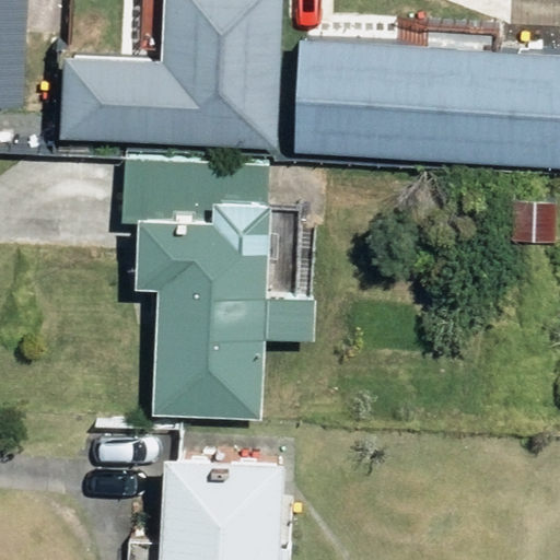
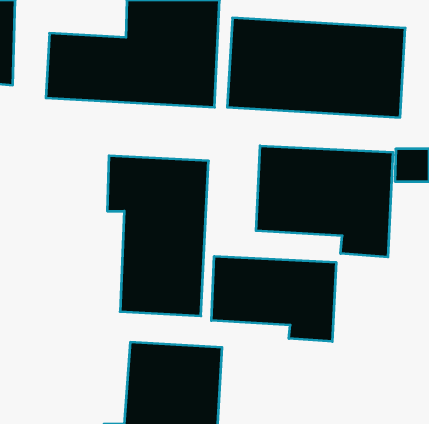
building: none -> [256,146,393,257]
building: none -> [211,256,336,342]

